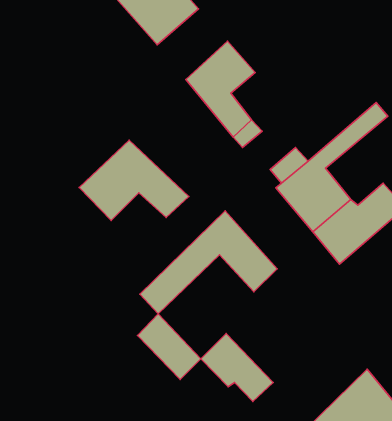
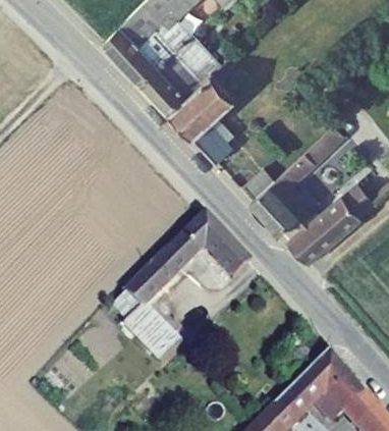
building: none -> [147,36,209,98]
building: [79,140,189,220] -> none
building: [201,333,273,401] -> none

